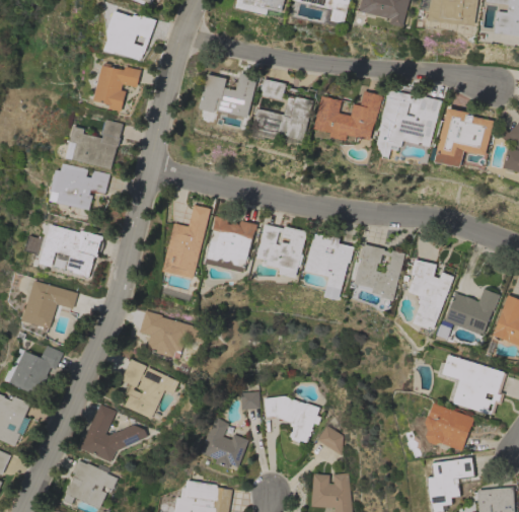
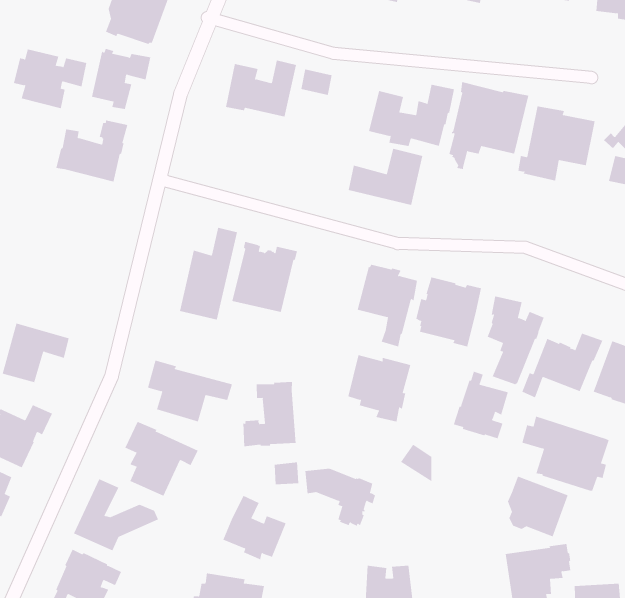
building: [252,95,312,141] -> [348,148,423,206]
building: [51,163,109,211] -> [13,49,87,109]
building: [256,224,307,278] -> [347,355,411,422]
building: [40,225,102,278] -> none
building: none -> [453,371,509,439]
building: none -> [243,381,296,447]
building: [315,426,341,456] -> [400,444,432,482]

